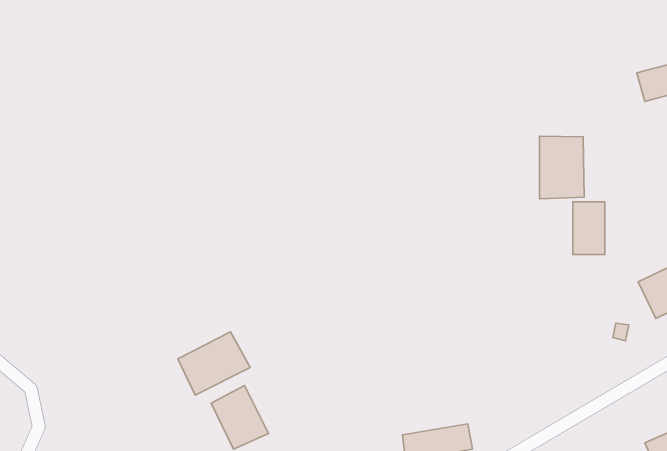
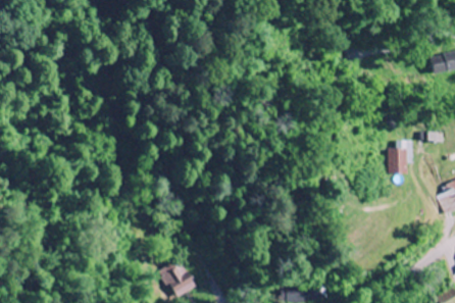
building: [540,136,584,199] -> none
building: [178,332,250,395] -> none

